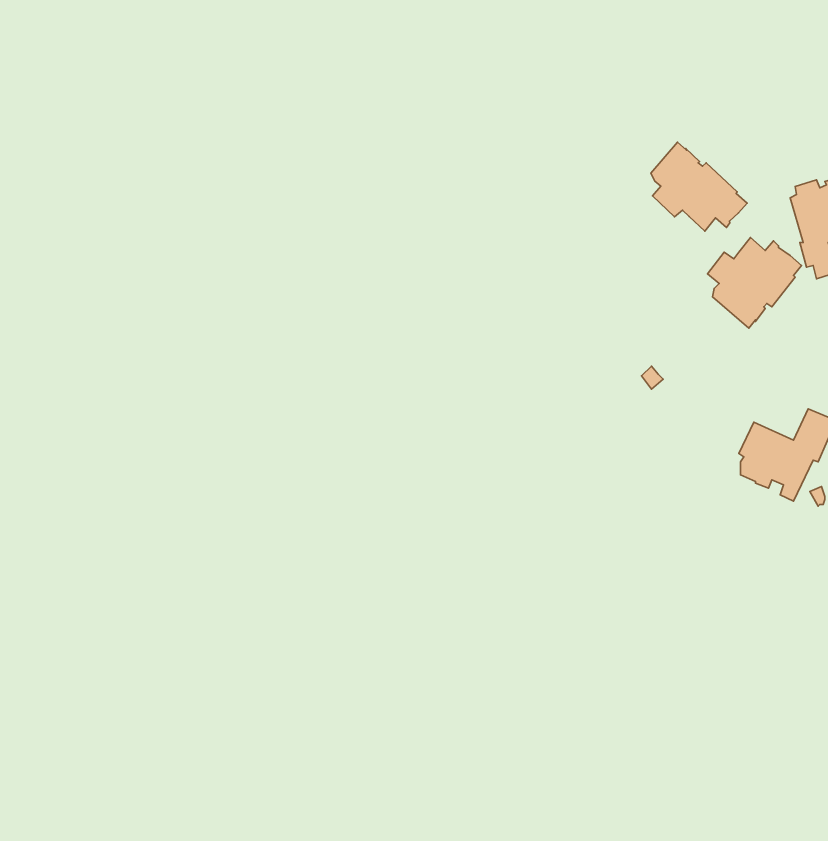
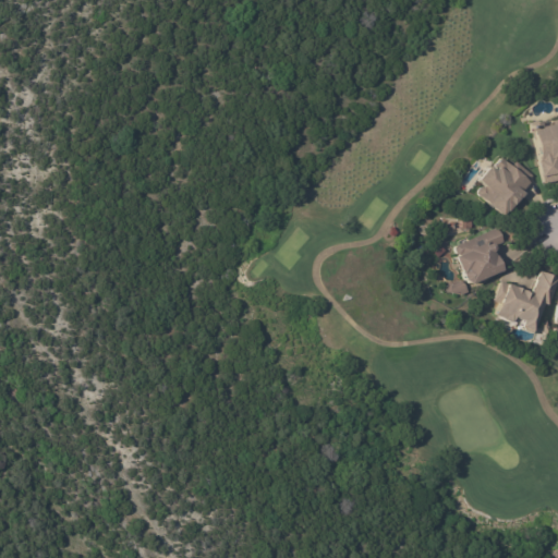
building: [651,142,747,231] -> none
building: none -> [453,227,512,295]

